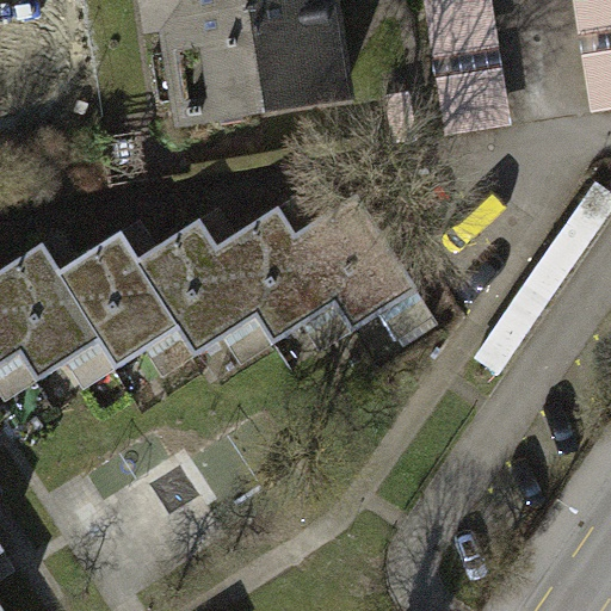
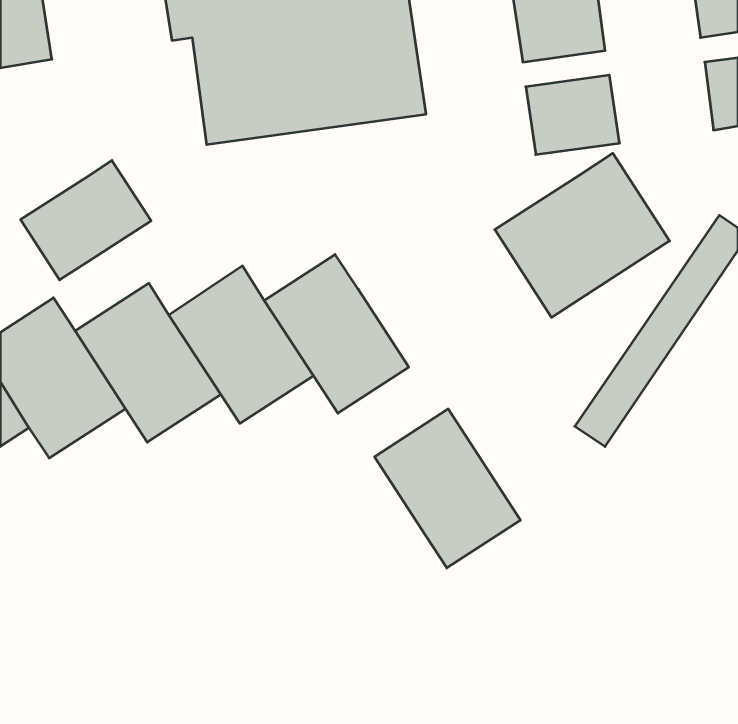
building: none -> [495,153,670,317]
building: none -> [21,160,151,280]
building: [296,199,416,331] -> [375,409,520,568]

